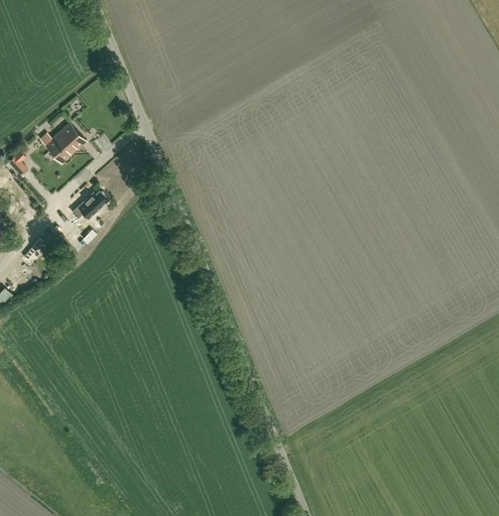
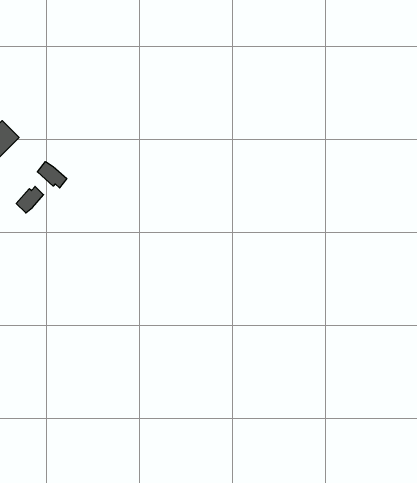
building: none -> [37,162,67,188]

